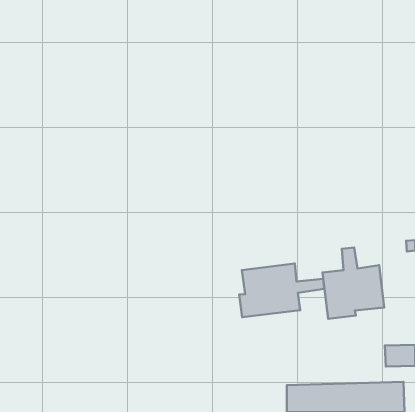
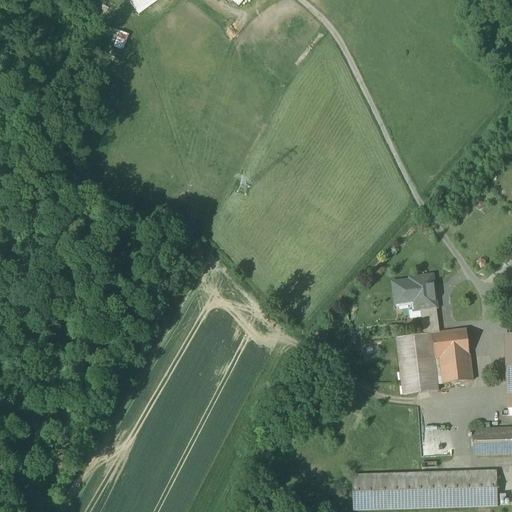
building: none -> [394,274,436,308]
building: [239,263,324,317] -> none

